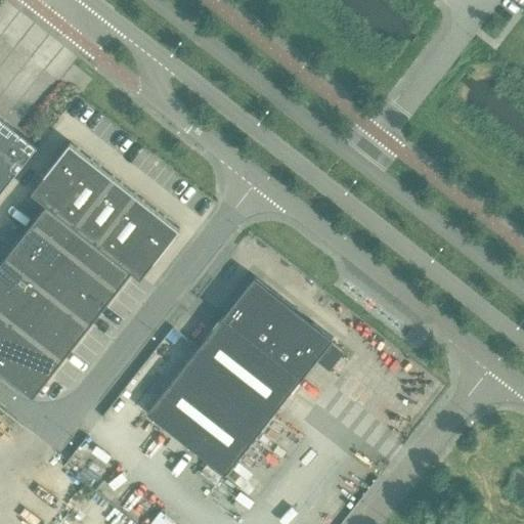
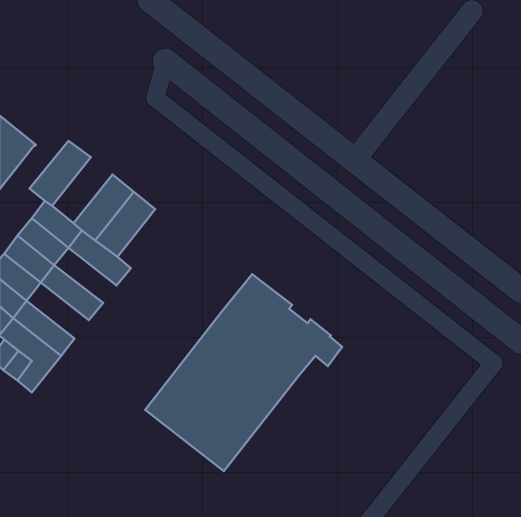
building: [52,162,113,228] -> none
building: [118,214,178,280] -> none
building: [54,253,117,308] -> none
building: [27,288,89,344] -> none

